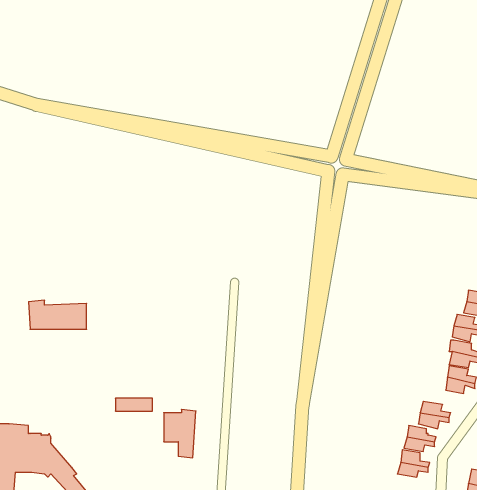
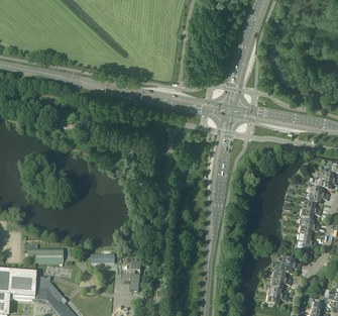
building: [29,300,87,329] -> [25,244,62,262]

